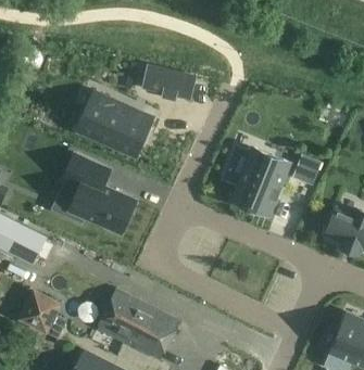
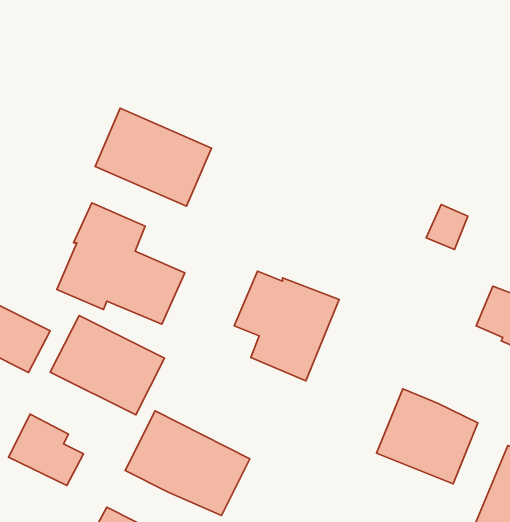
building: [142,66,196,100] -> none
building: [221,143,289,215] -> [234,271,339,381]
building: none -> [50,315,165,415]
building: none -> [376,389,478,484]

